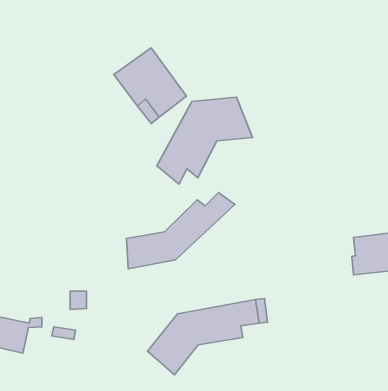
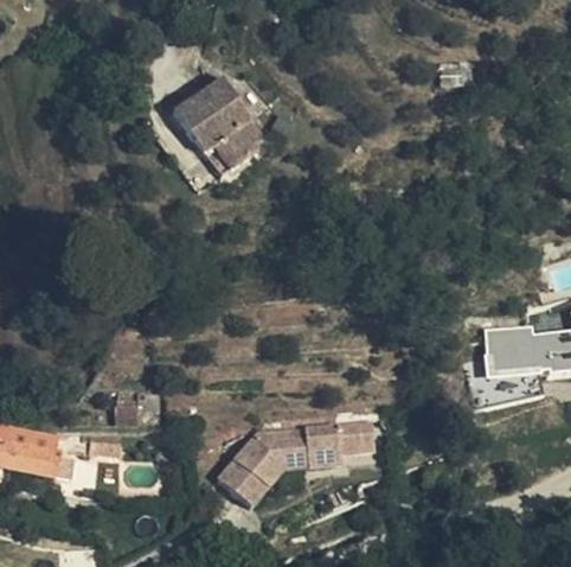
building: [157,97,253,184] -> none
building: [127,193,235,269] -> none

